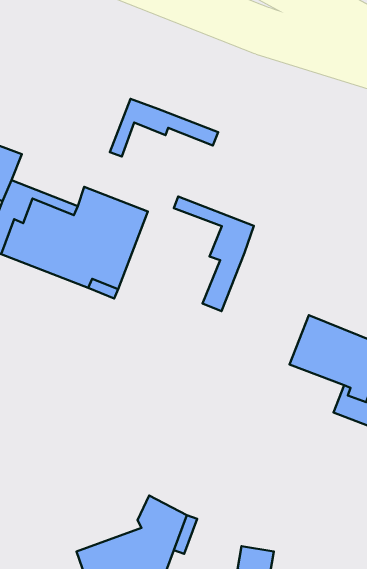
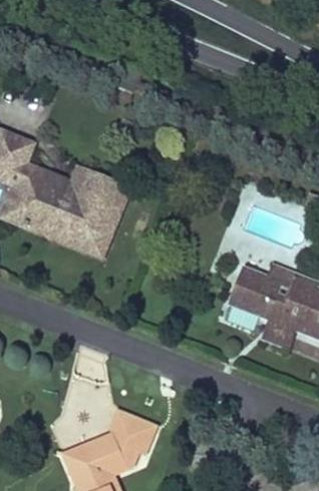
building: [110,99,218,156] -> none
building: [174,197,254,311] -> none

